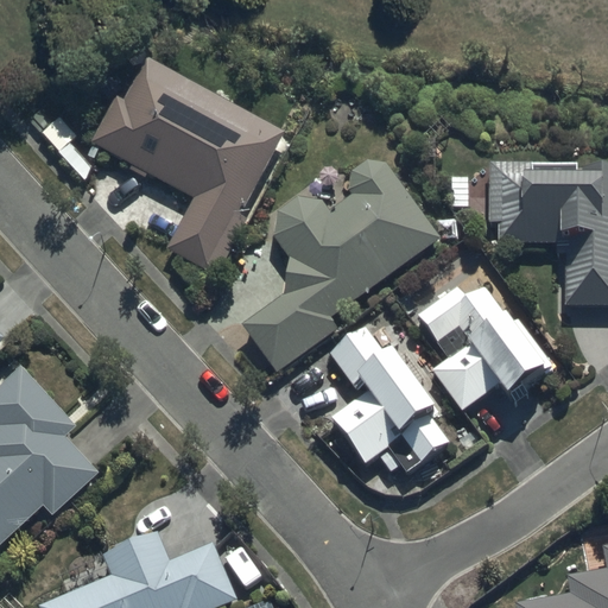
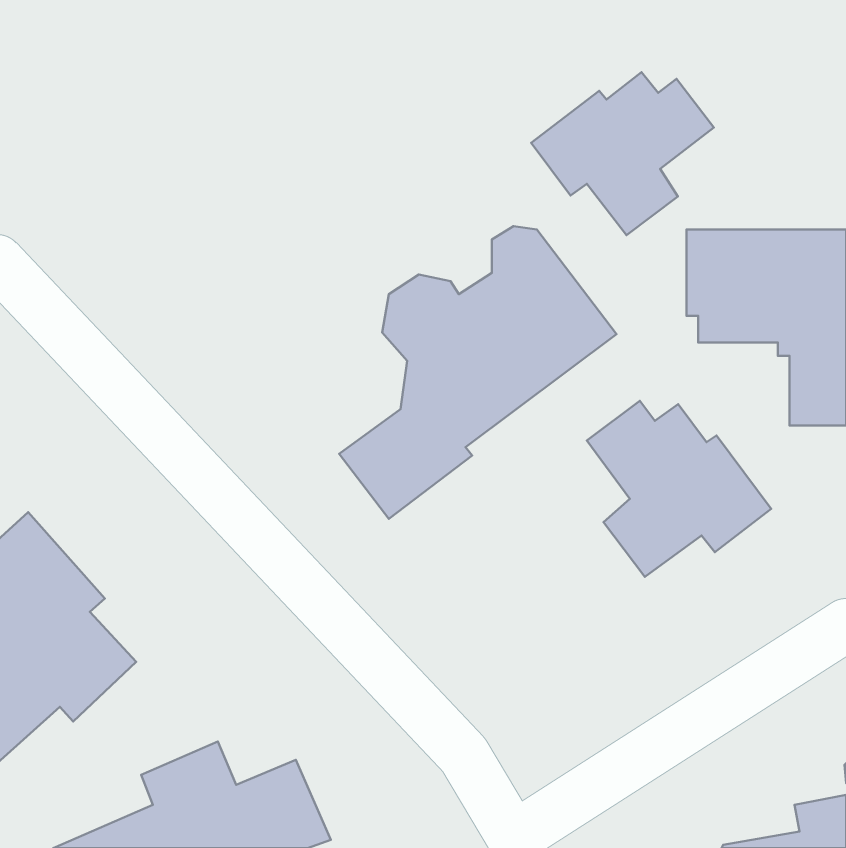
building: none -> [531,72,714,235]
building: [90,53,285,277] -> none
building: [330,327,449,471] -> none

